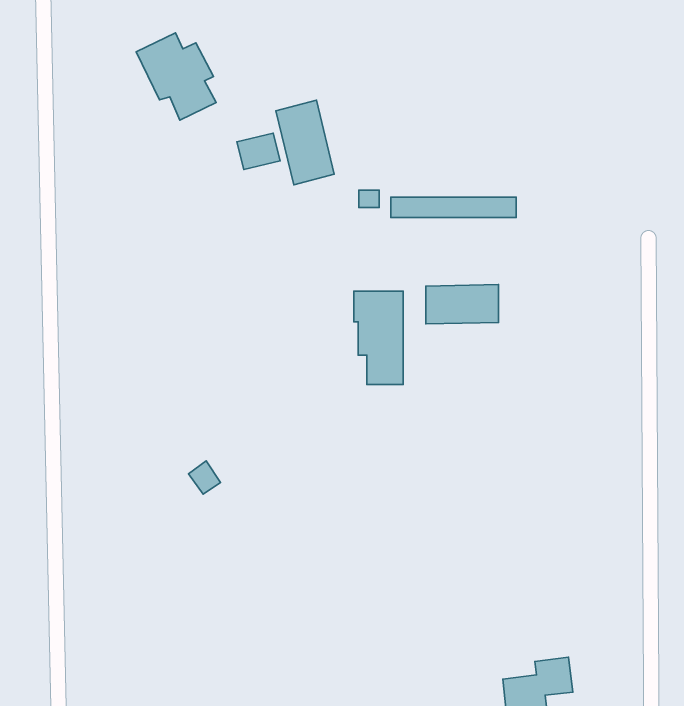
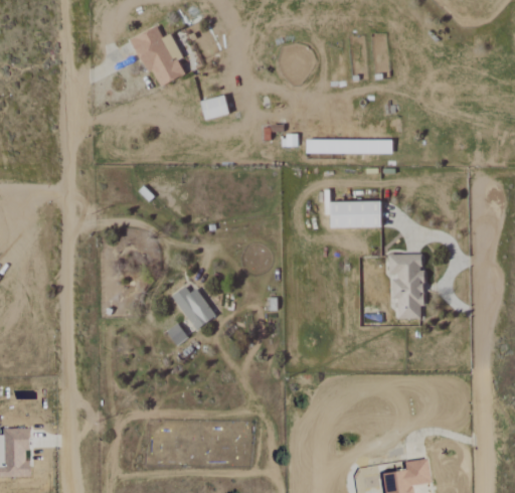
building: [276,100,334,185] -> none
building: [354,291,403,384] -> [388,254,422,318]
building: none -> [171,285,216,329]

